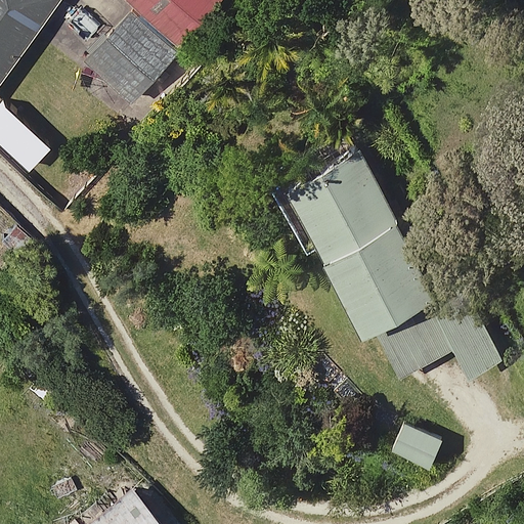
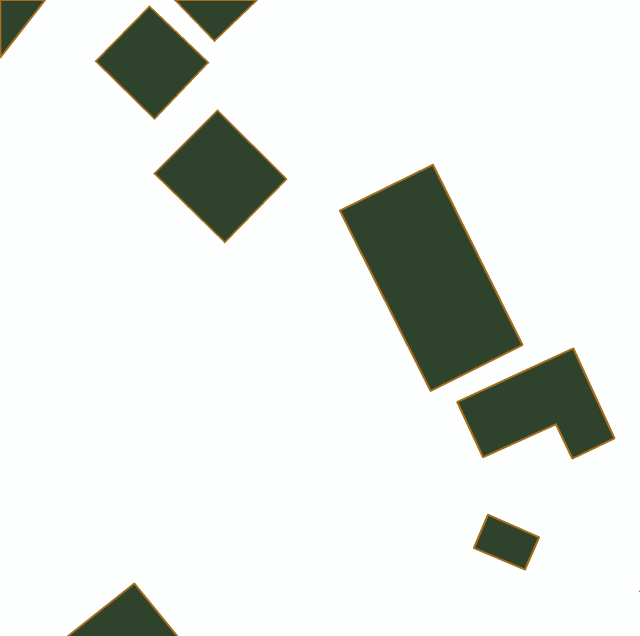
building: none -> [154,110,286,242]

